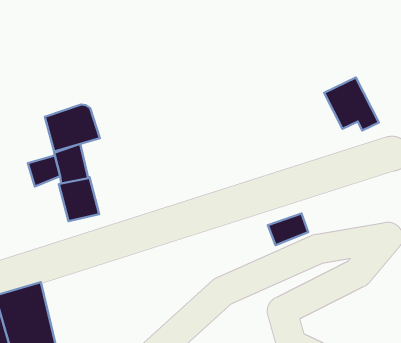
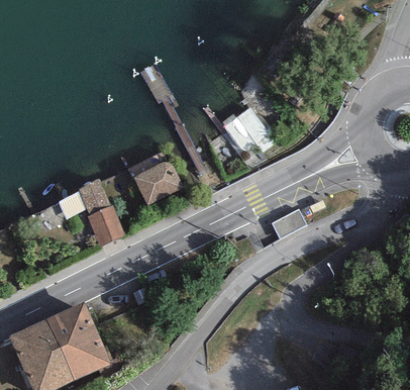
building: [324,78,379,131] -> [224,108,275,154]
building: [45,105,100,151] -> [134,162,184,205]

